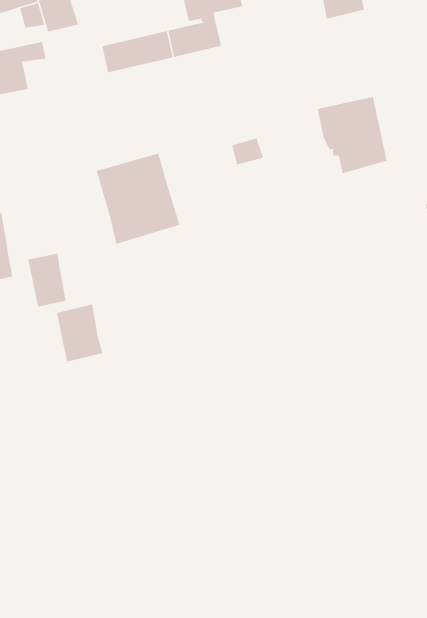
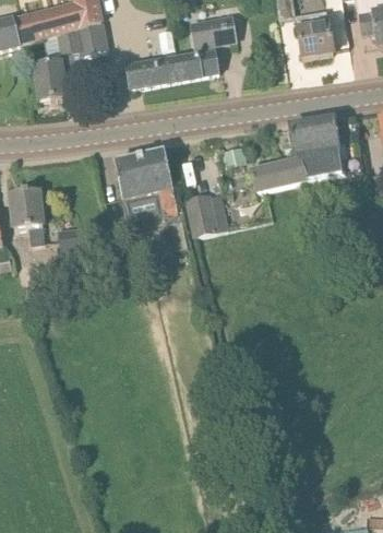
building: none -> [253,147,309,190]
building: none -> [184,191,228,235]
building: [56,303,103,363] -> none

